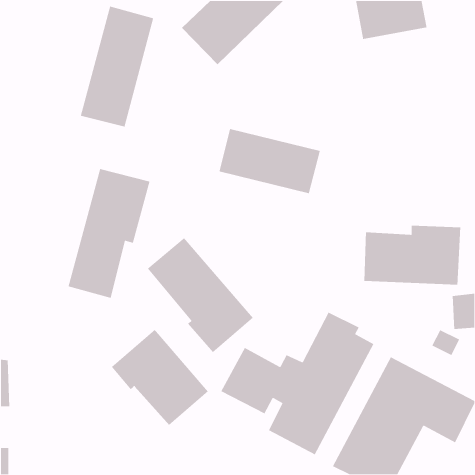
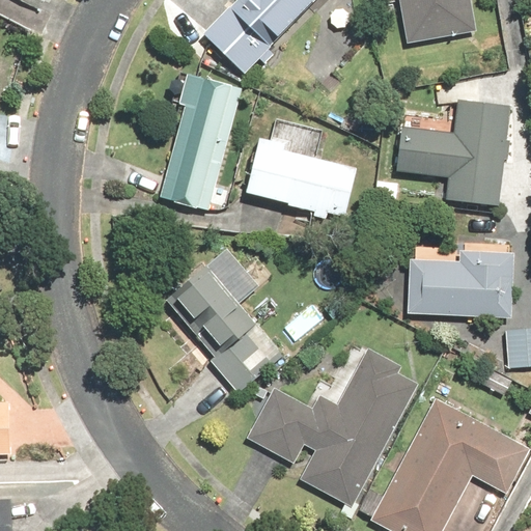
building: [80,6,154,127] -> [158,74,241,209]
building: none -> [395,99,511,206]
building: [67,168,150,299] -> none
building: [111,329,209,426] -> none

